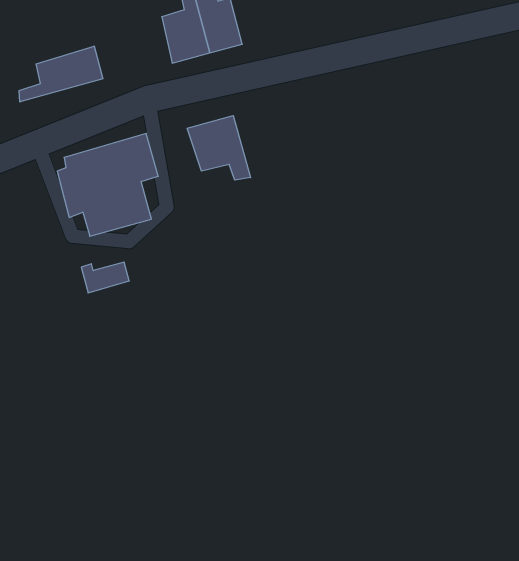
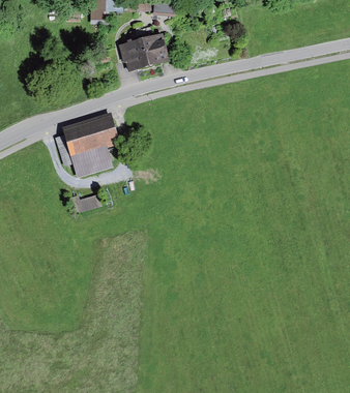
building: [19,46,103,102] -> none
building: [187,116,251,180] -> none

